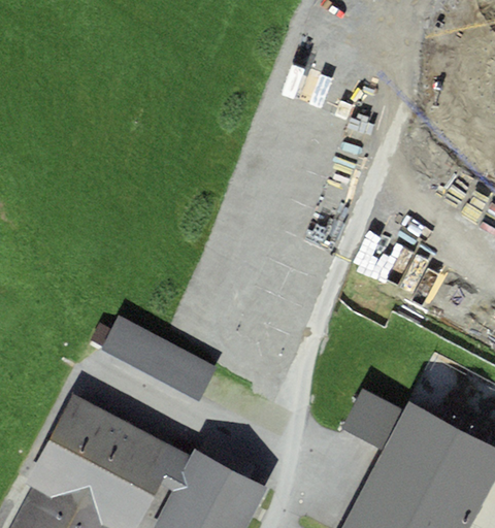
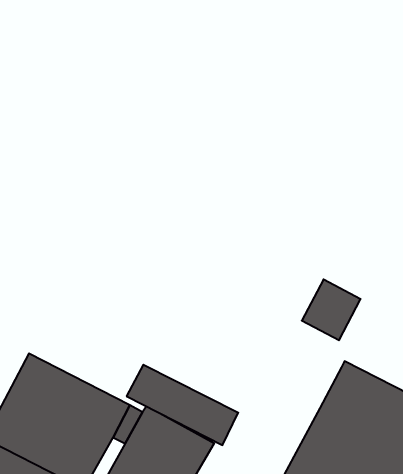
building: [101,317,219,401] -> [127,365,238,445]
building: [340,389,402,453] -> [302,279,361,340]

